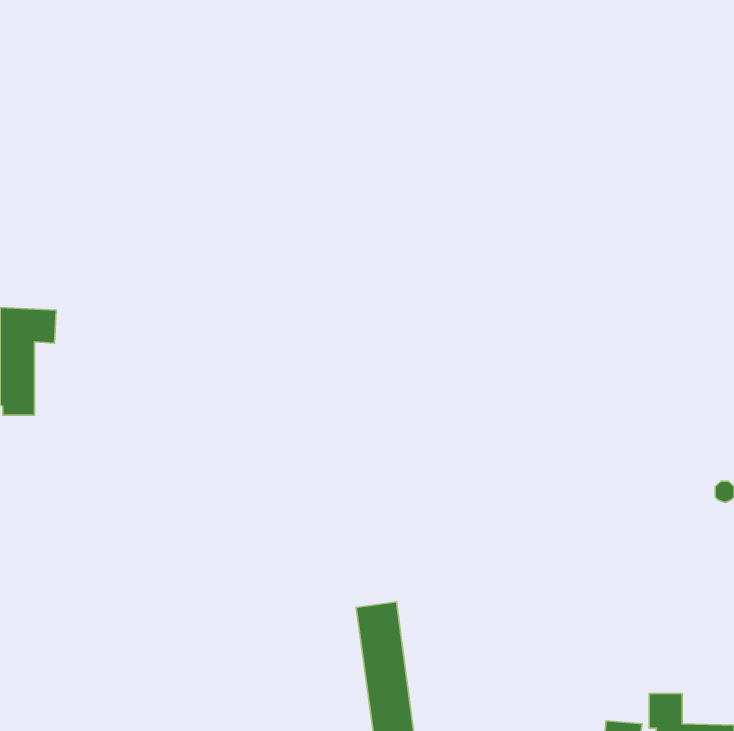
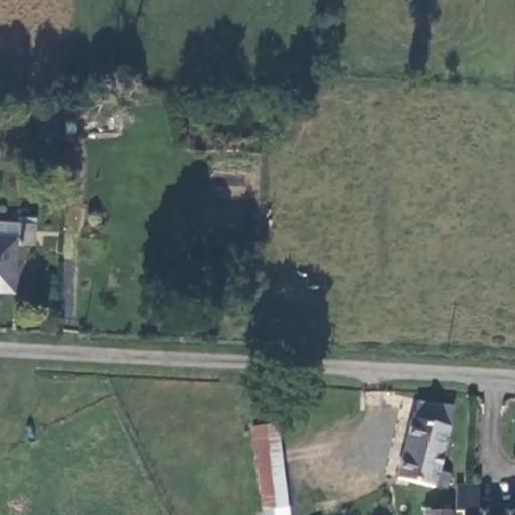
building: none -> [402,403,453,489]

